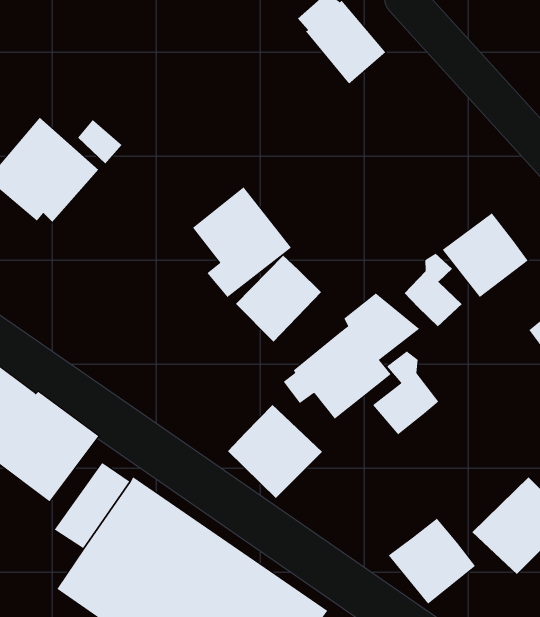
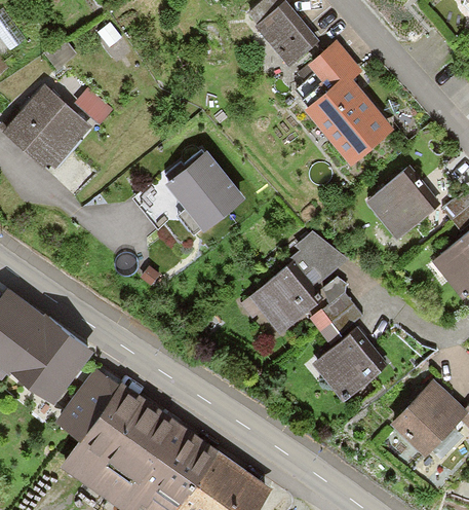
building: none -> [305,41,392,162]
building: [404,253,463,327] -> none
building: [235,255,322,342] -> none
building: [227,404,323,499] -> none
building: [388,518,476,605] -> [311,331,381,400]

